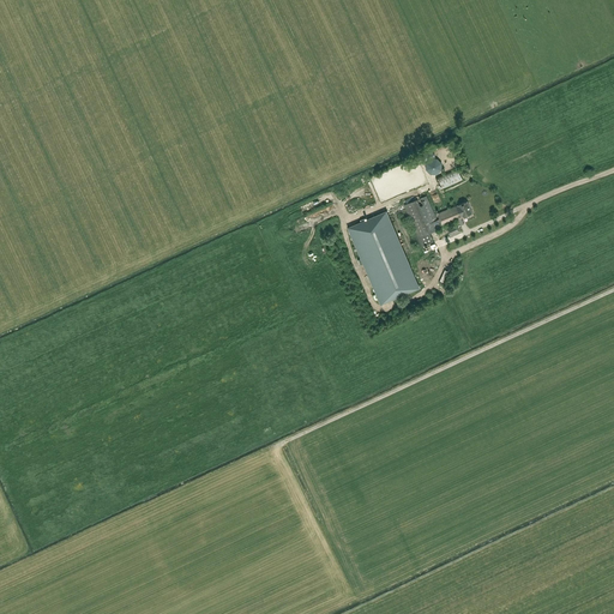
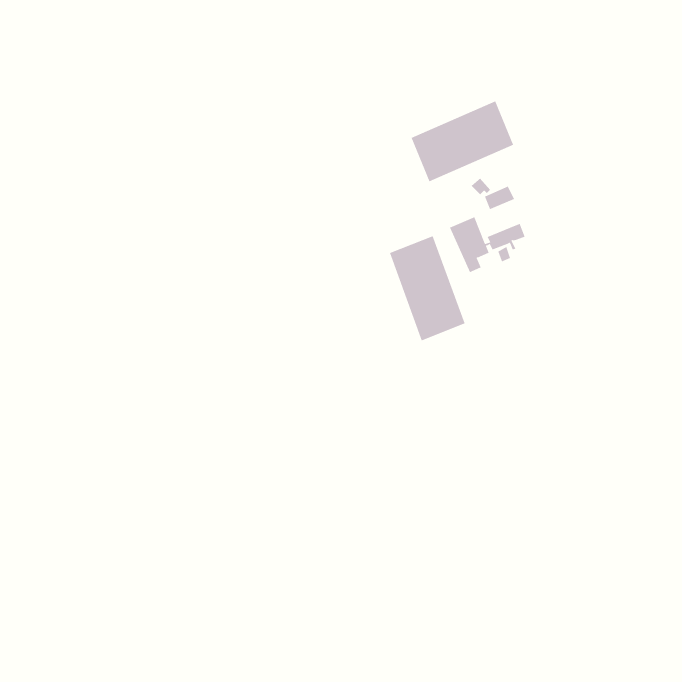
building: none -> [411,100,514,182]

